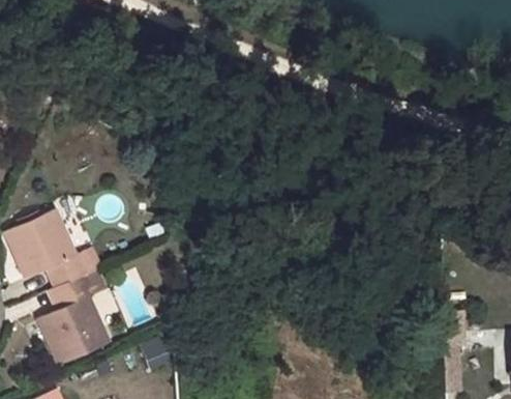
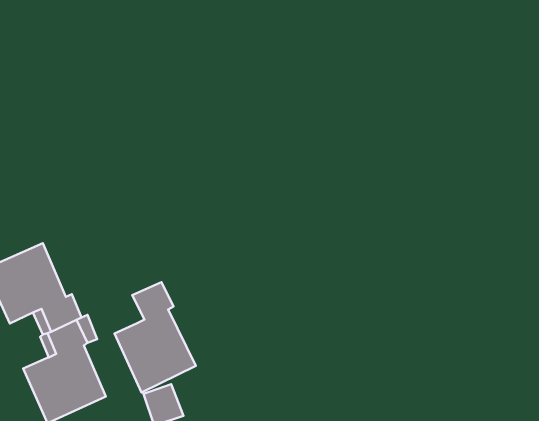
building: none -> [114,282,196,393]

